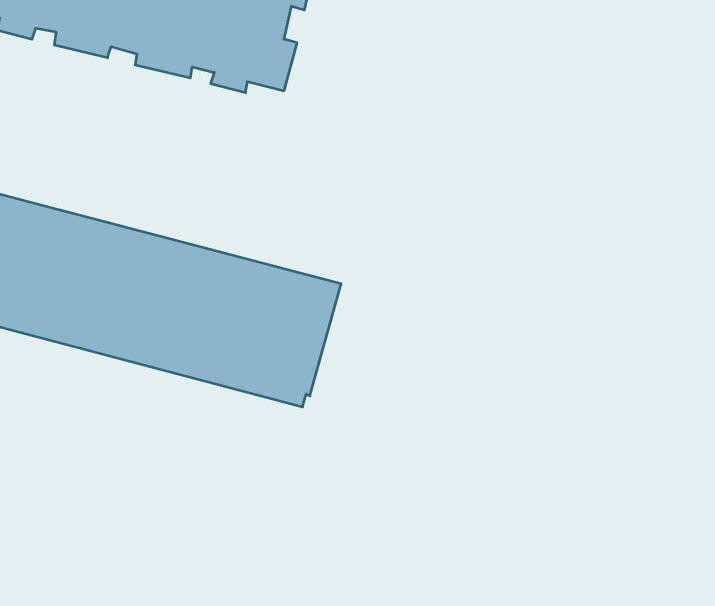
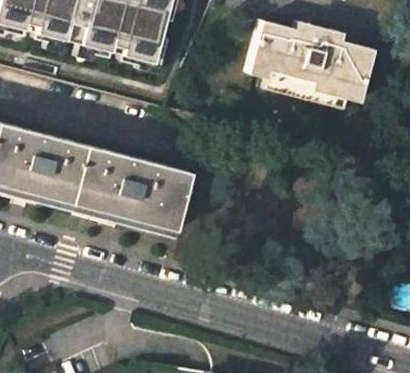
building: none -> [251,21,377,103]

